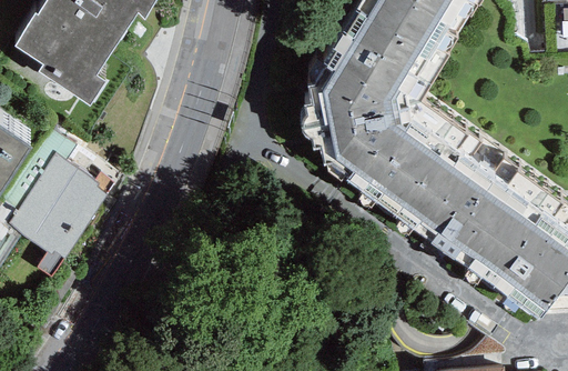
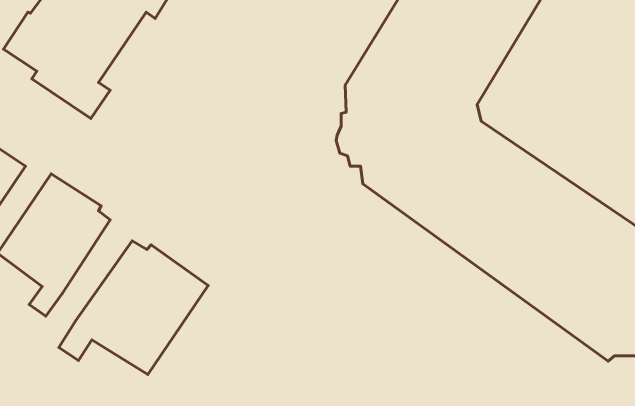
building: none -> [59,241,208,374]

